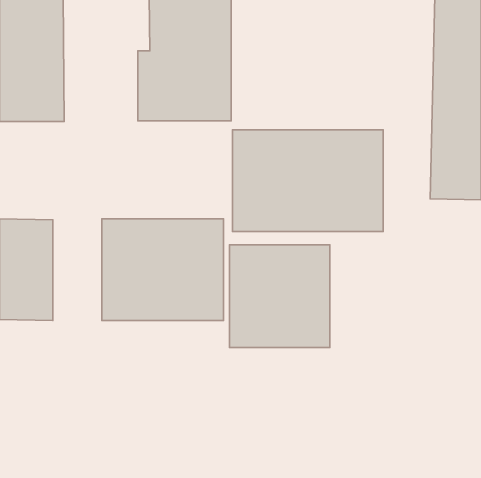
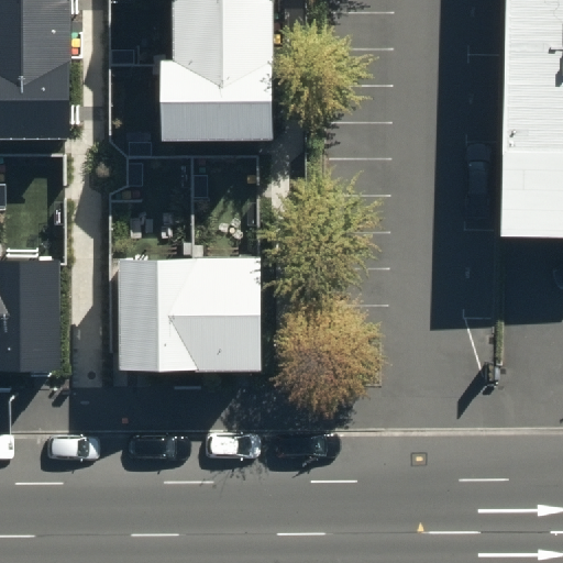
building: [232,130,383,232] -> none
building: [229,245,330,348] -> none

